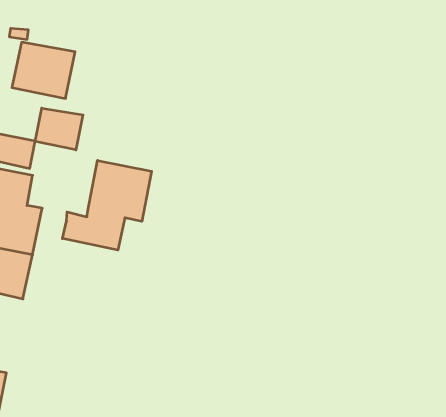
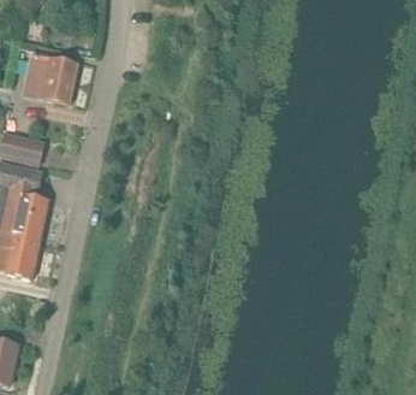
building: [35,108,83,150] -> none
building: [62,160,152,250] -> none

